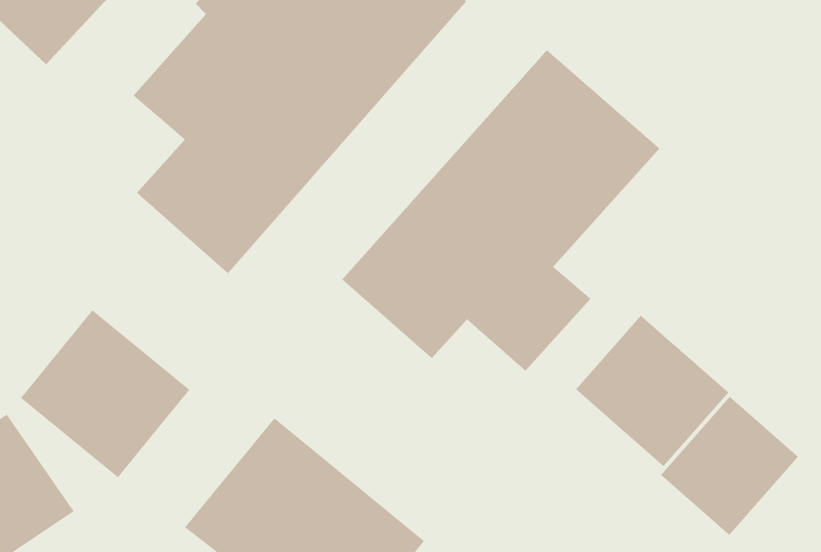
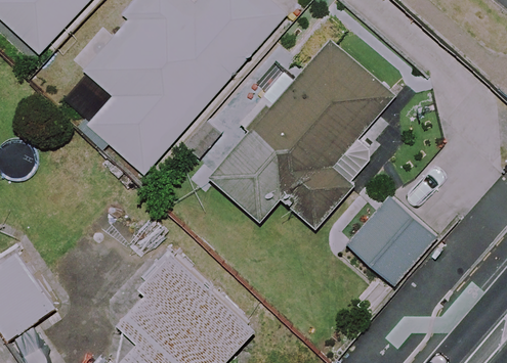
building: [20,310,190,478] -> none
building: [660,396,799,536] -> none

